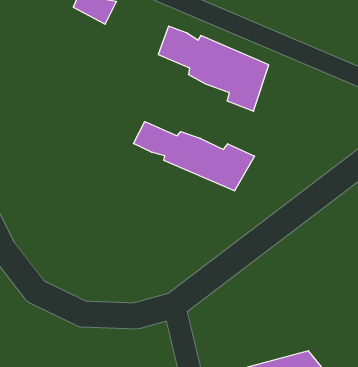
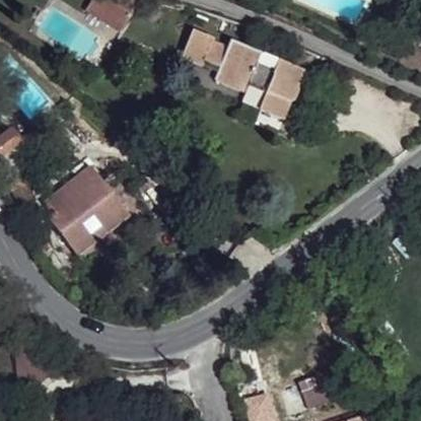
building: [133,122,255,191] -> none
building: none -> [47,166,128,254]

